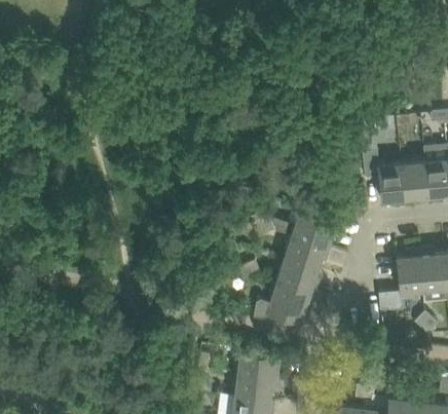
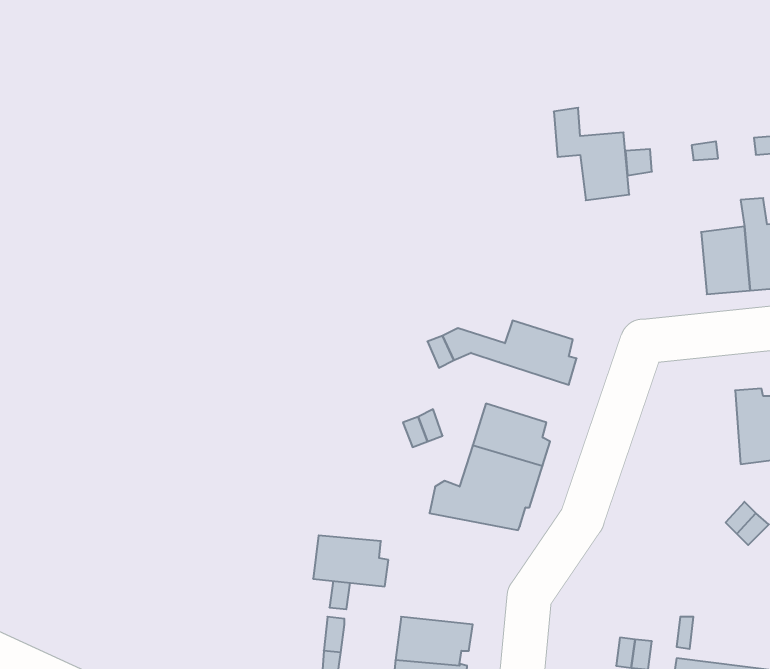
building: [363,152,404,202] -> [554,108,629,200]
building: [284,236,329,269] -> none
building: [378,252,422,310] -> none
building: [237,351,278,379] -> [313,535,388,586]

